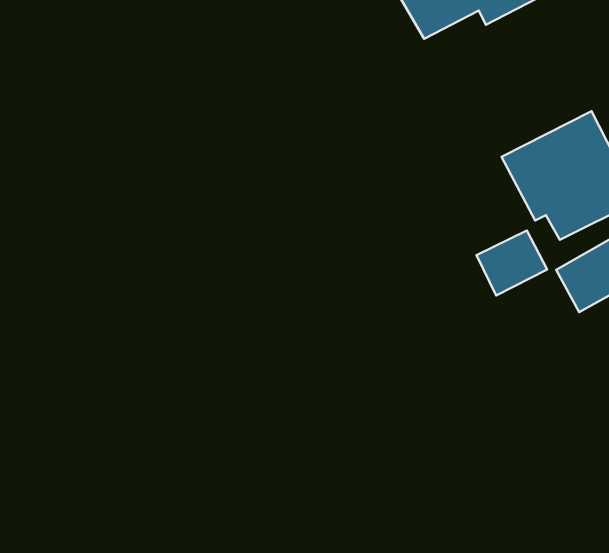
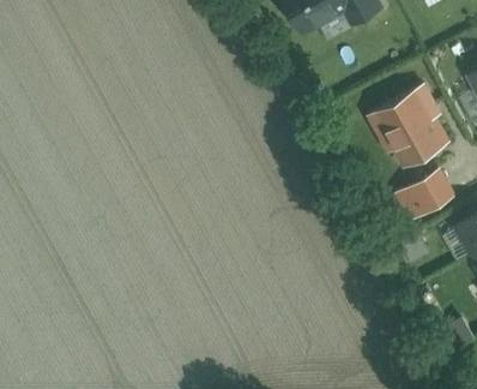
building: [477,230,547,295] -> none

